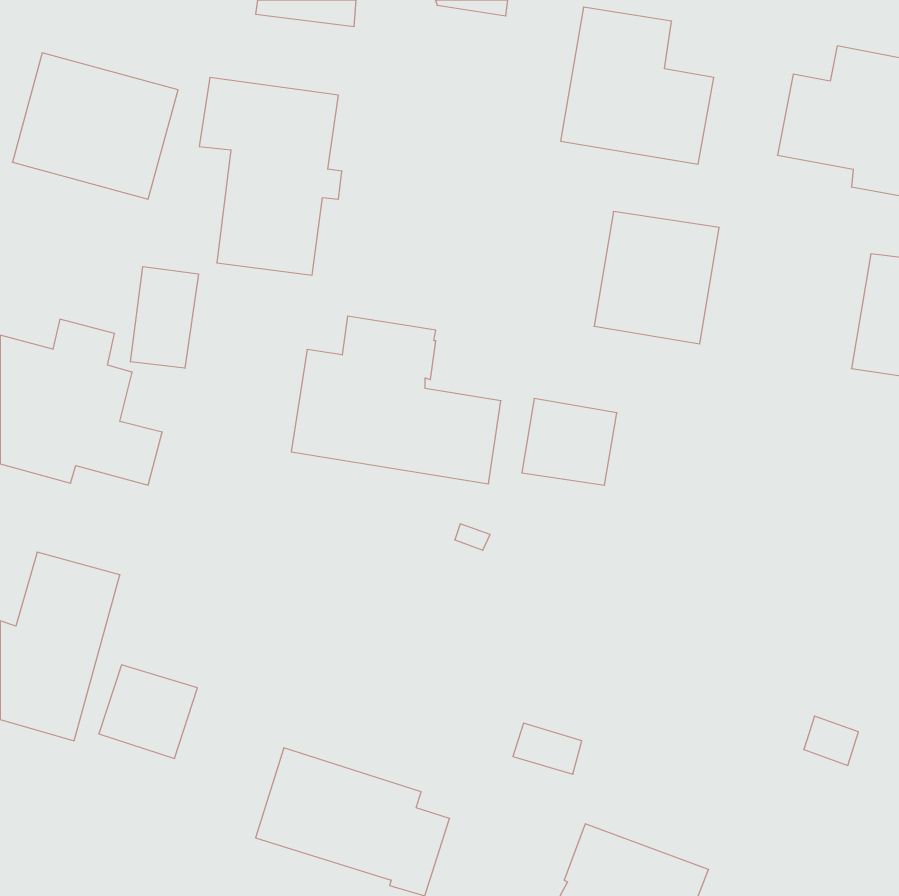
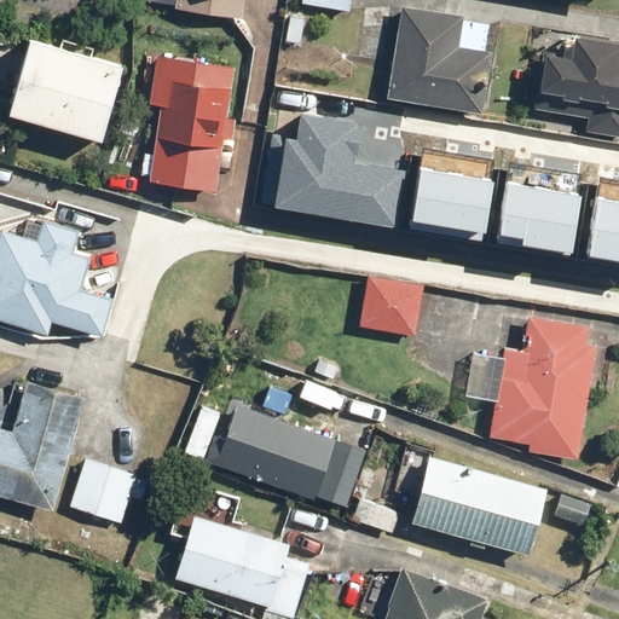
building: none -> [496,162,583,253]
building: [131,267,198,368] -> none
building: [291,316,501,484] -> [261,112,405,227]
building: none -> [490,319,596,462]
building: none -> [206,405,368,508]
building: none -> [413,457,548,554]

